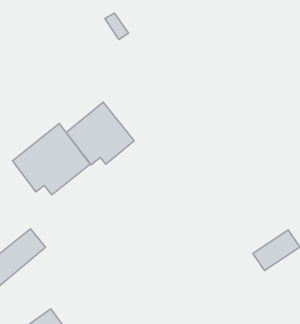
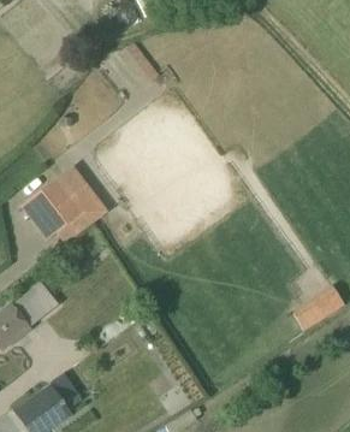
building: [66,102,134,165] -> none

